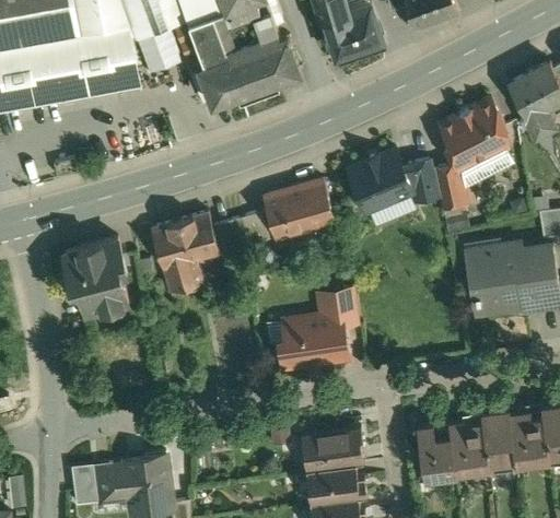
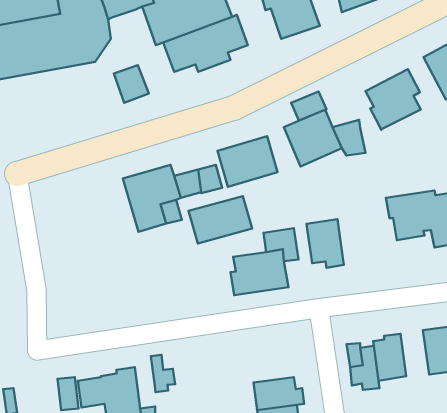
building: [138,27,179,72] -> [114,65,149,103]
building: none -> [291,91,326,121]
building: [433,164,466,208] -> none
building: [62,237,128,314] -> none
building: none -> [188,196,252,243]
building: none -> [306,219,344,268]
building: [481,409,516,475] -> none
building: [301,428,363,470] -> none
building: none -> [151,355,175,392]

